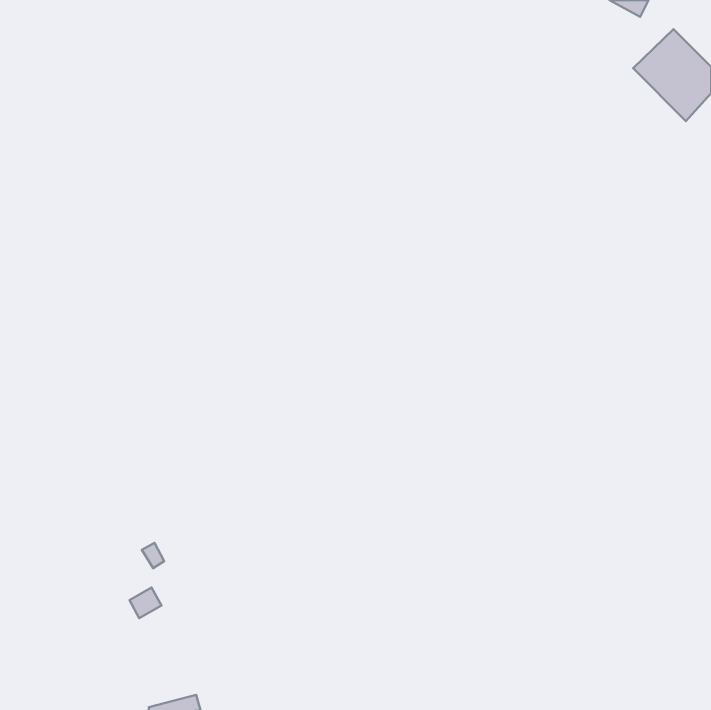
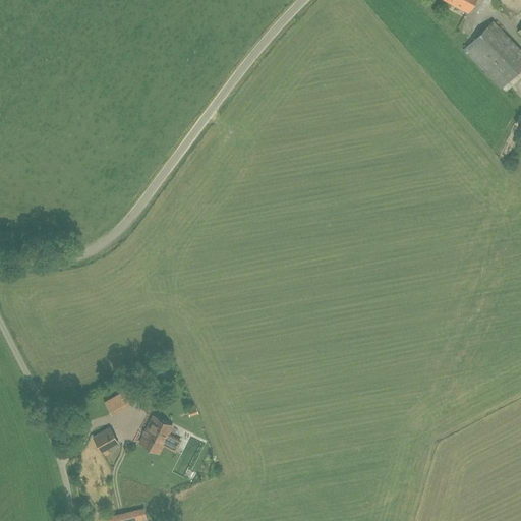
building: none -> [141,418,171,452]

